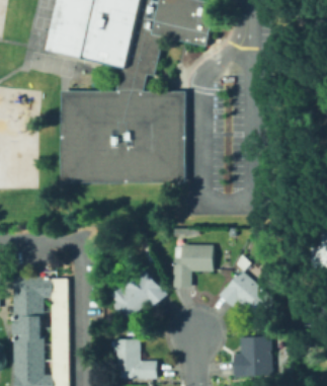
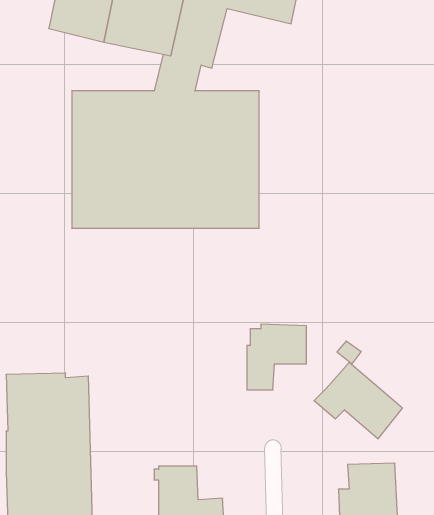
building: [108,267,167,321] -> none

